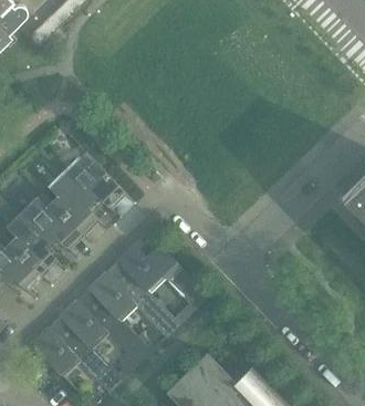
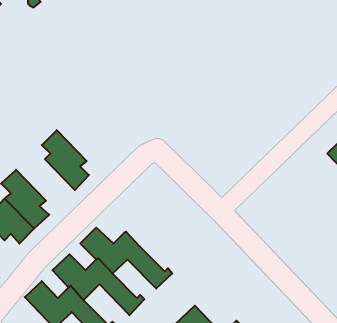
building: [63,158,124,208] -> none
building: [21,199,82,249] -> none
building: [116,233,207,321] -> none

